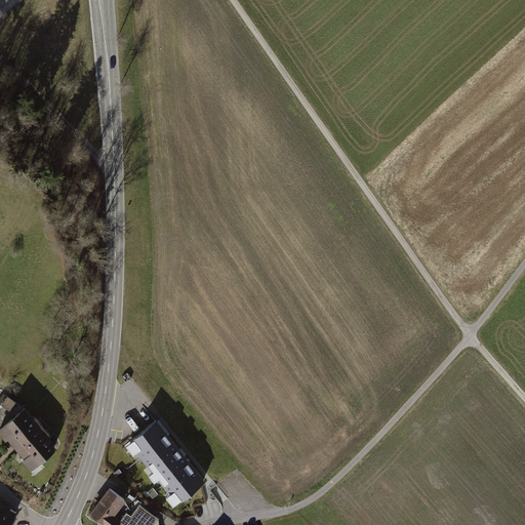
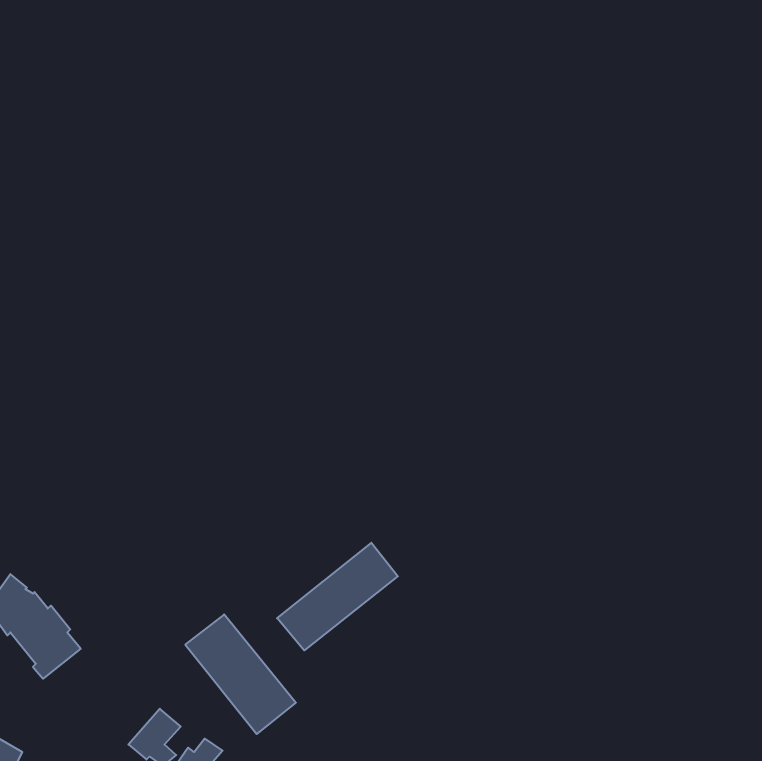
building: none -> [277,543,398,650]

